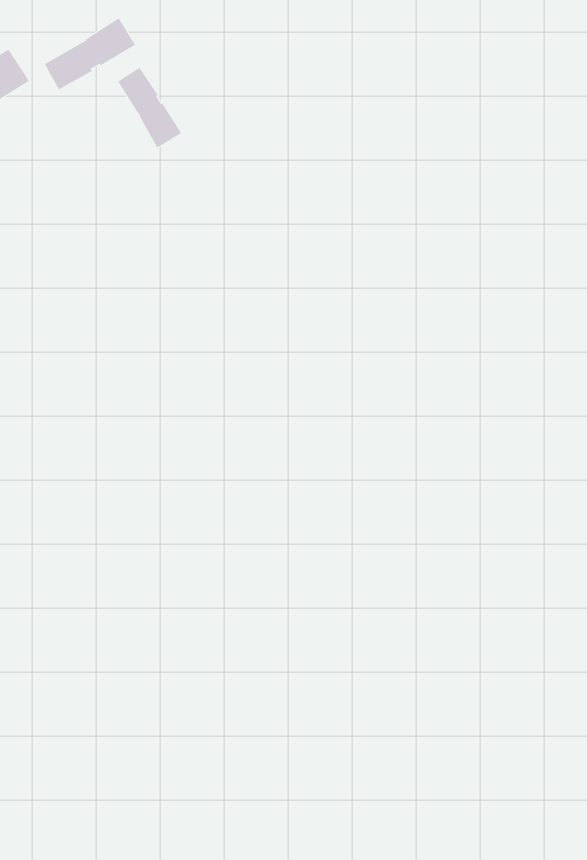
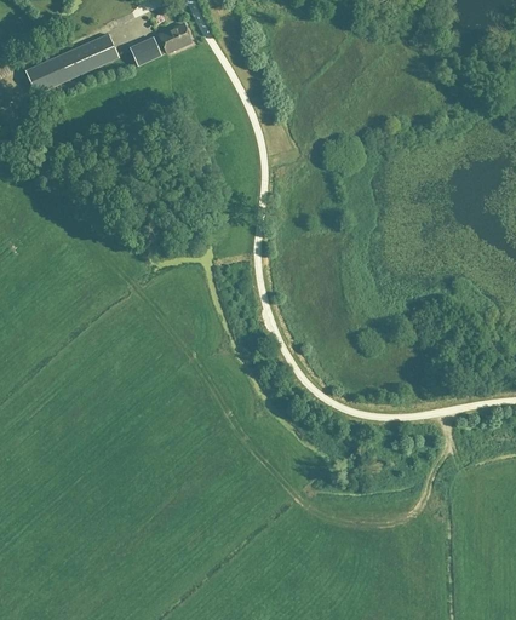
building: [117,67,182,149] -> none

